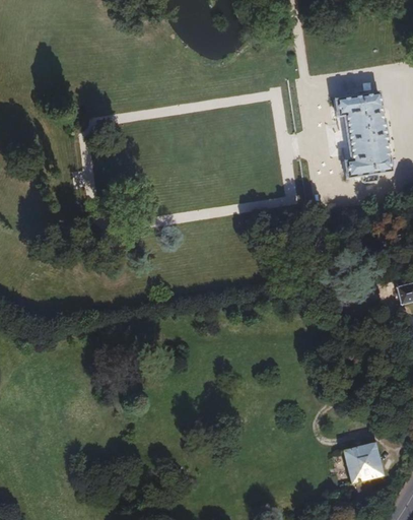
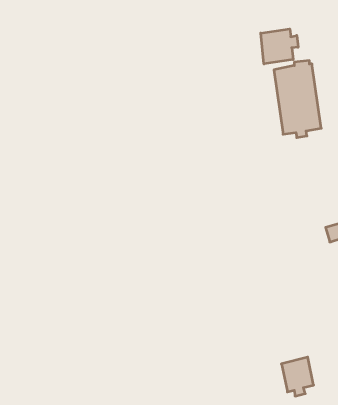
building: none -> [261,29,298,64]

